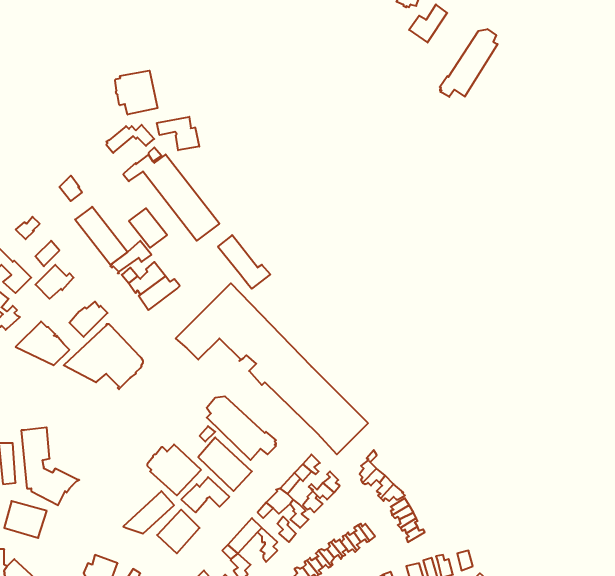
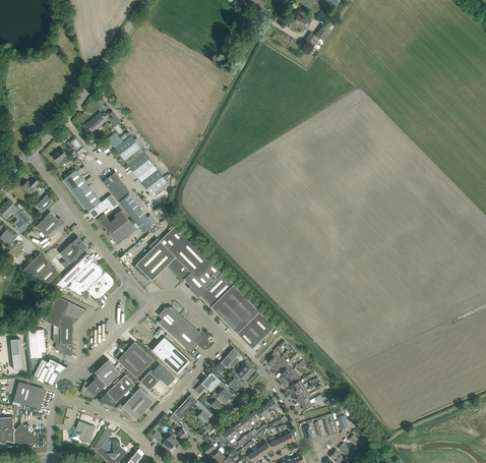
building: [440,29,498,97] -> none
building: [115,71,158,115] -> none
building: [157,117,199,150] -> none
building: [218,235,270,289] -> [119,193,157,232]
building: none -> [40,293,86,355]
building: none -> [81,359,121,398]

